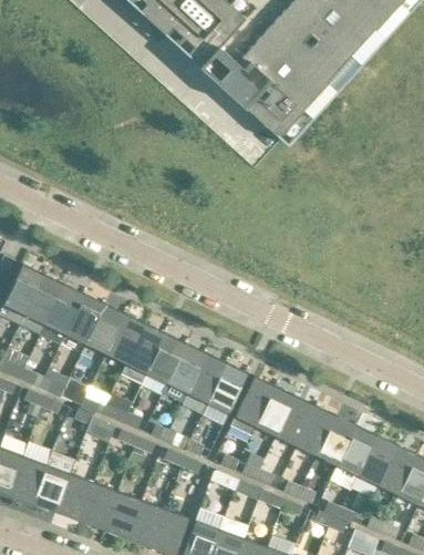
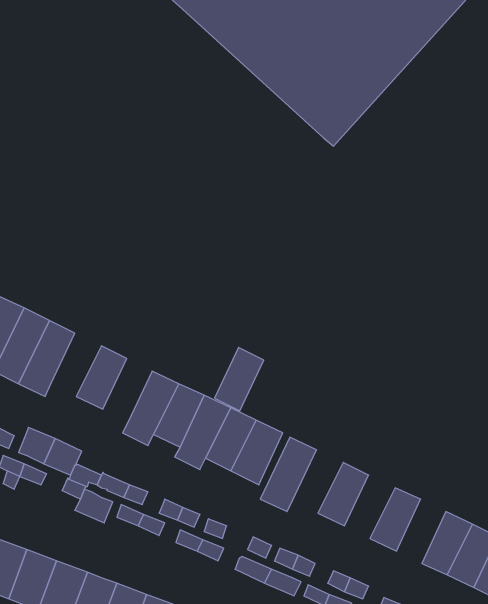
building: [65,294,105,343] -> none
building: [106,314,145,363] -> [215,348,264,411]
building: [256,386,296,435] -> none
building: [297,405,337,455] -> none
building: [330,424,376,489] -> none

